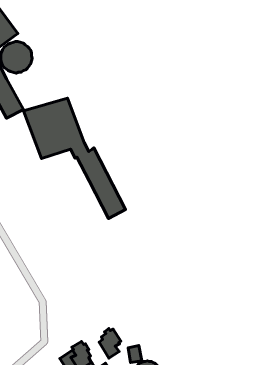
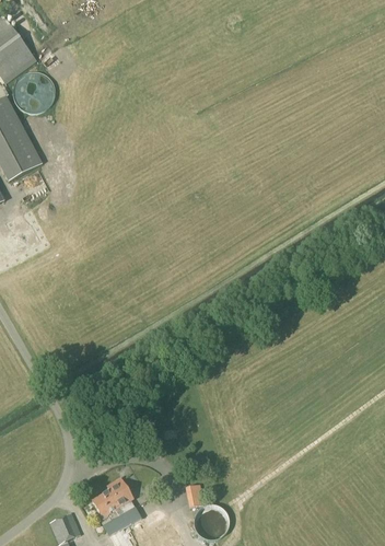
building: [23,98,126,219] -> none
building: [99,329,121,358] -> none

